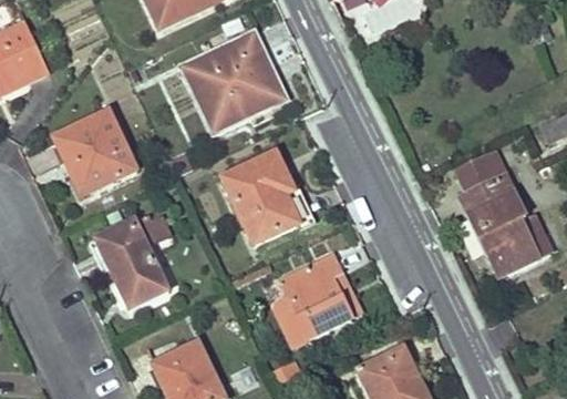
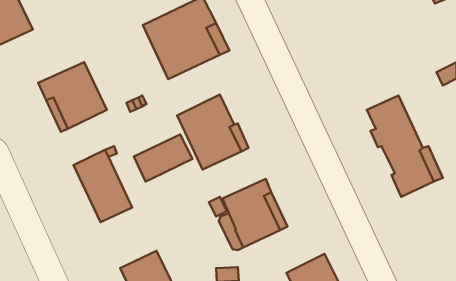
building: none -> [134,134,192,181]

